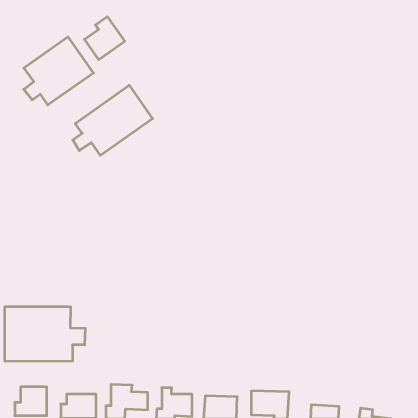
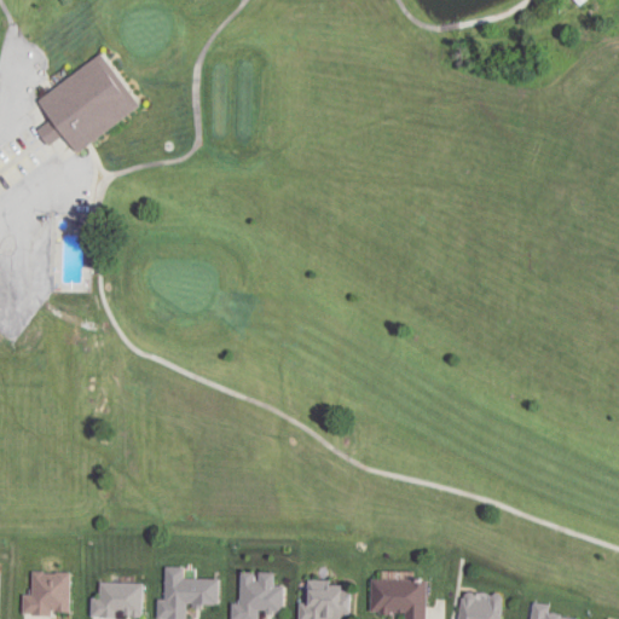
building: [84,17,125,60] -> none
building: [73,85,153,155] -> none
building: [5,307,85,361] -> none

